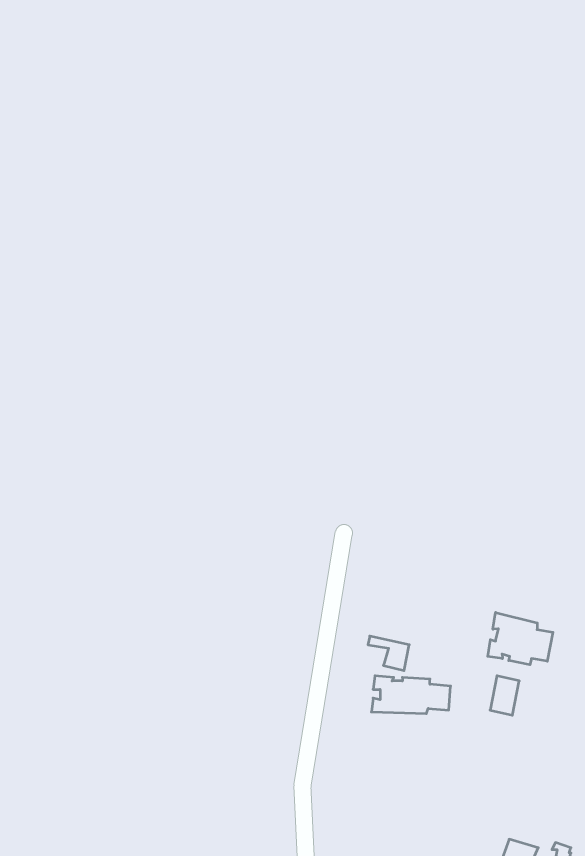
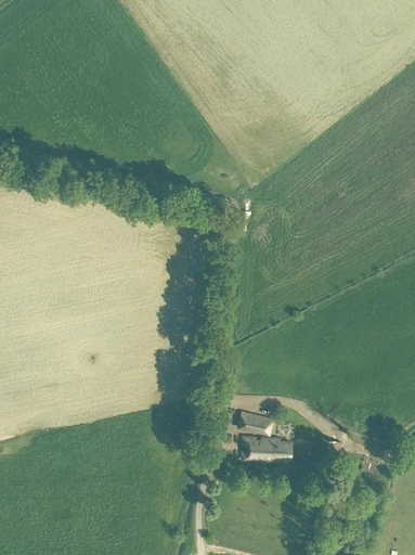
building: [488,612,553,665] -> none

